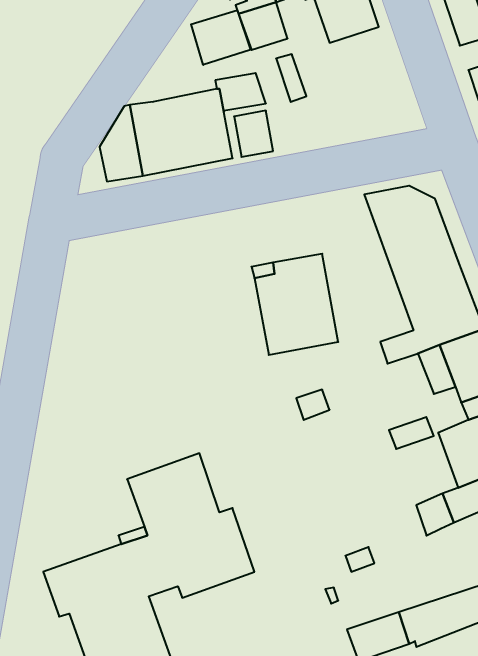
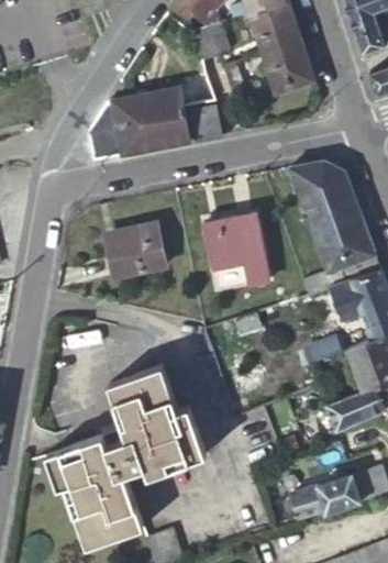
building: [191,10,250,65] -> none
building: none -> [263,41,313,92]
building: none -> [110,223,171,280]

